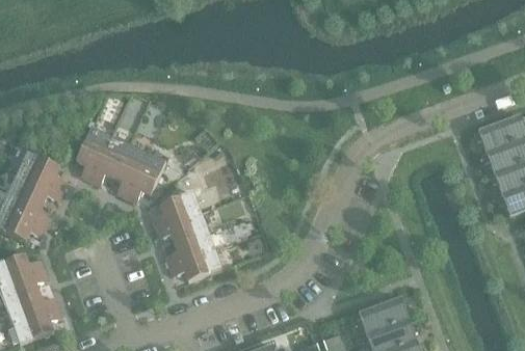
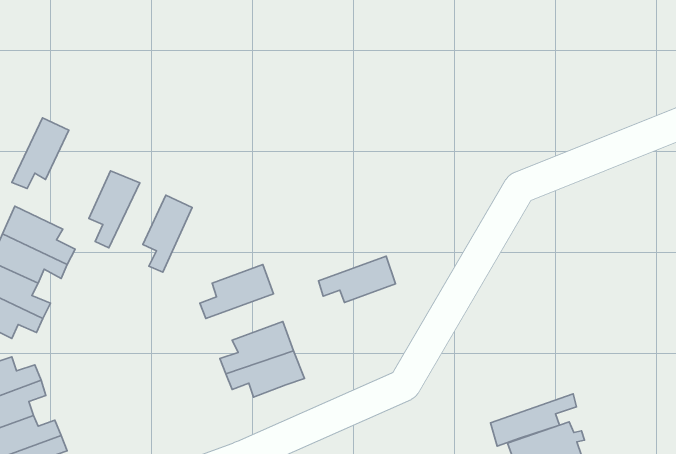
building: [89,136,128,184] -> [12,118,69,189]
building: [126,153,165,201] -> none
building: [155,211,207,242] -> [318,256,395,302]
building: none -> [491,394,577,446]

